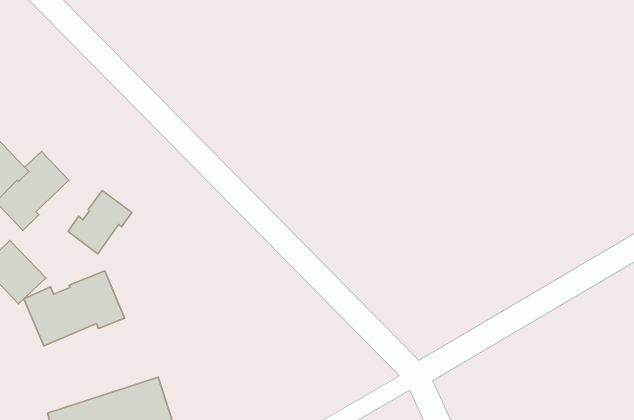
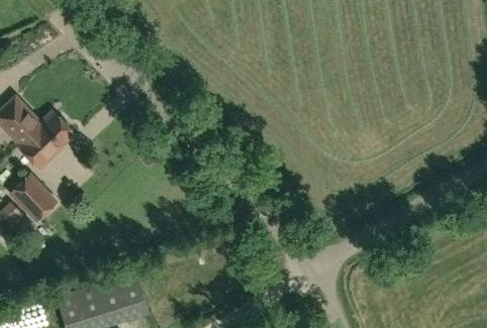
building: [68,190,132,254] -> none
building: [24,271,125,346] -> none

